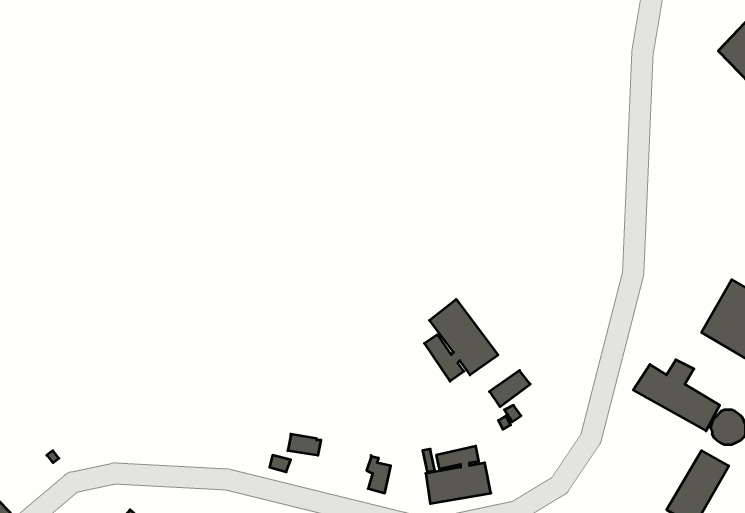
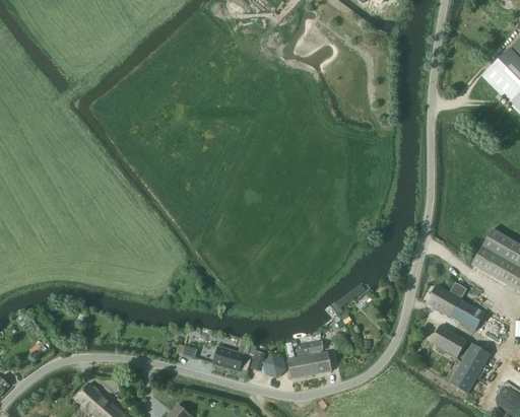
building: [424,299,498,381] -> none
building: none -> [431,326,467,357]
building: none -> [212,346,244,371]
building: none -> [263,354,286,377]

